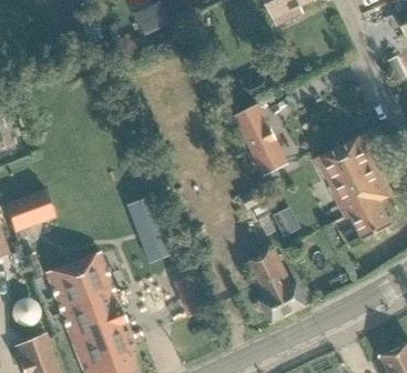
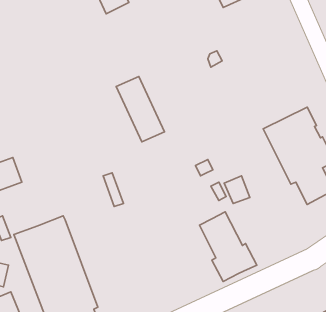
building: [235,107,287,178] -> [116,76,165,142]

